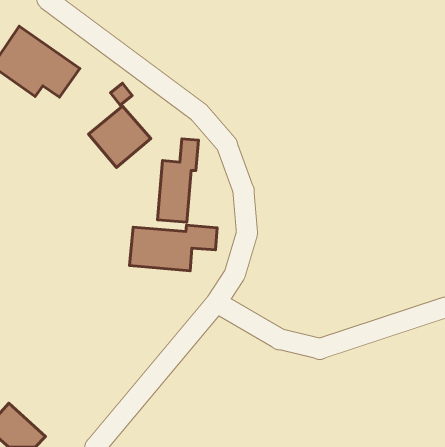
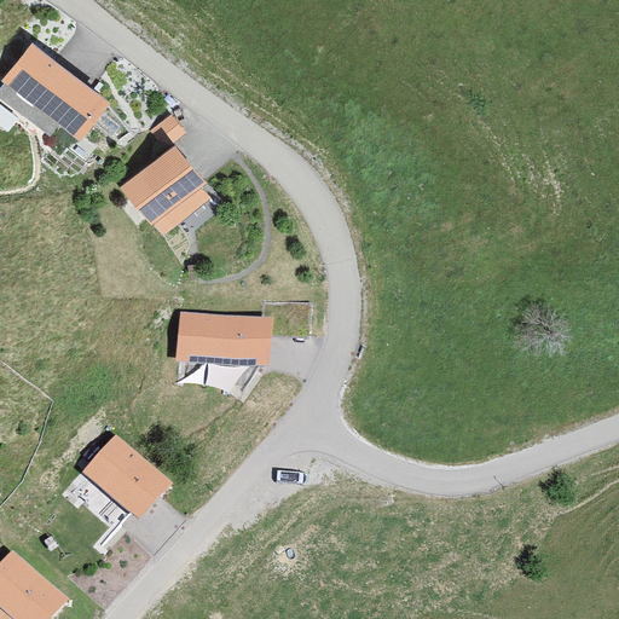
building: [158,139,198,222] -> none
building: none -> [85,444,170,527]

